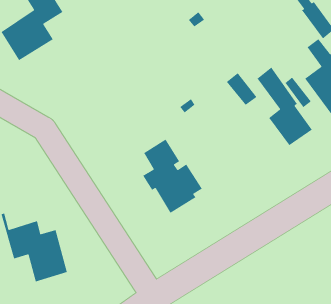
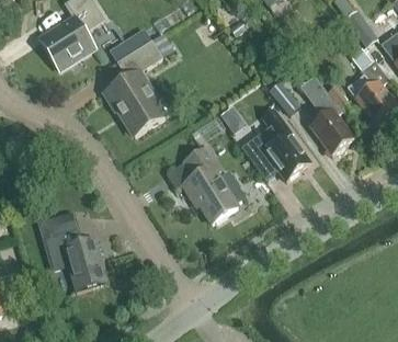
building: none -> [104,33,172,136]
building: none -> [241,110,310,181]

